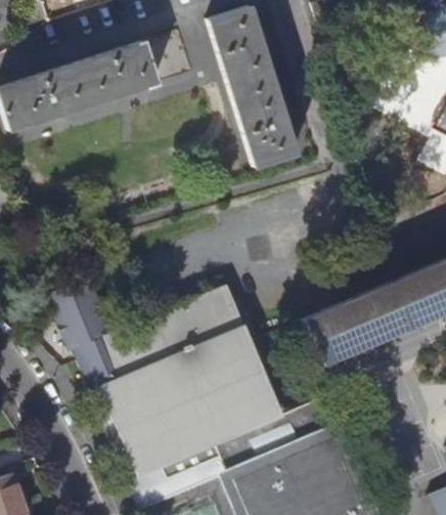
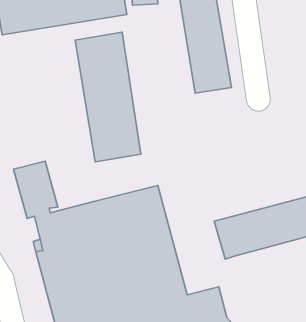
building: none -> [75,32,141,162]

